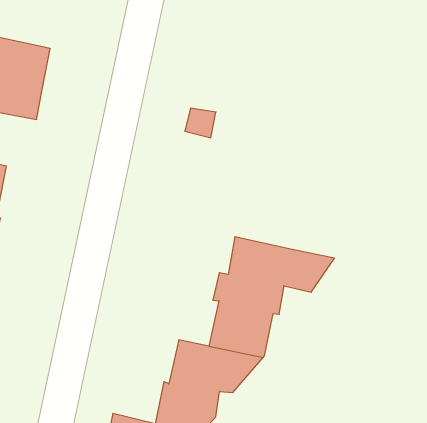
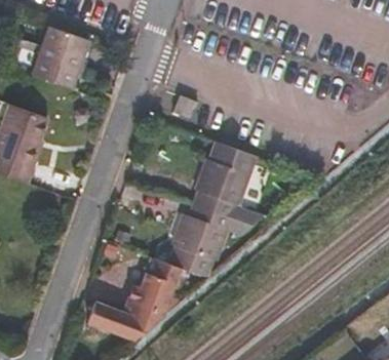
building: none -> [195,143,255,204]

